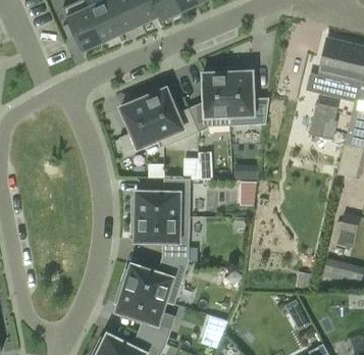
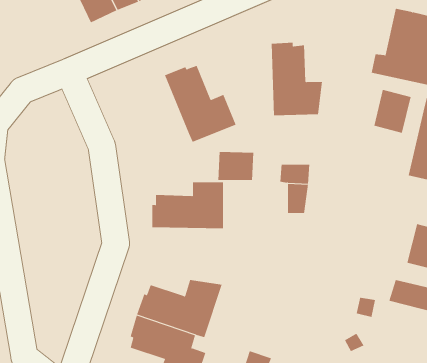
building: [189,67,228,133] -> none
building: [117,93,160,152] -> none
building: [129,215,189,261] -> none

